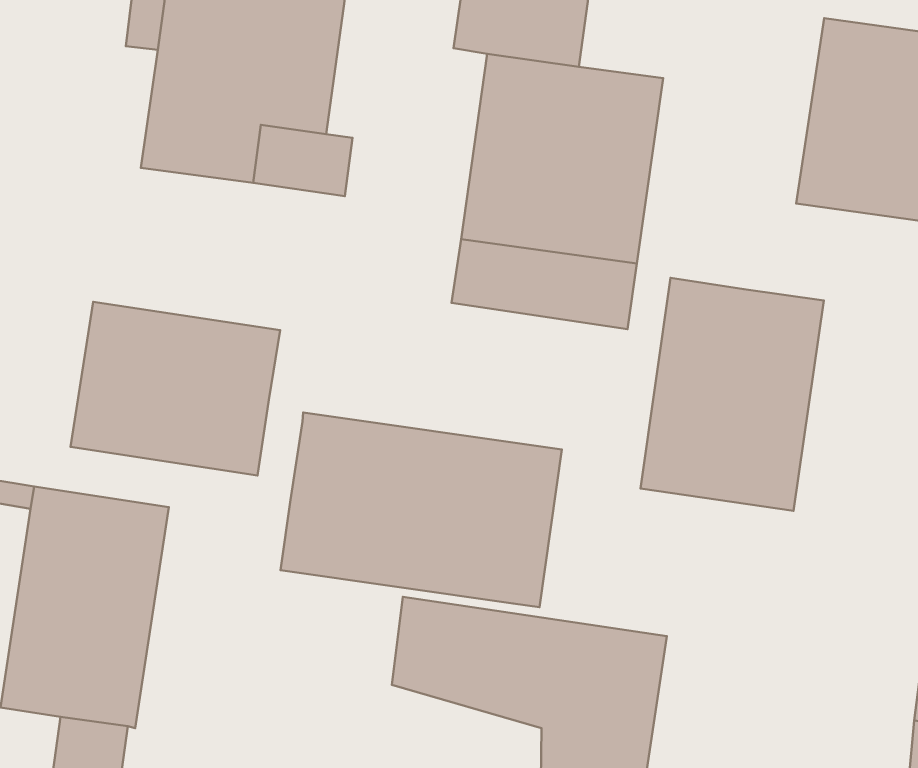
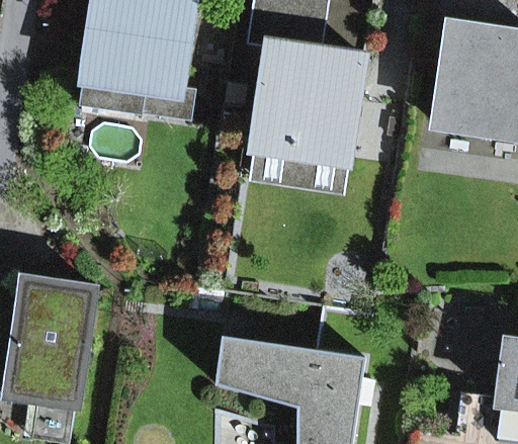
building: [640,278,824,511] -> none
building: [70,302,280,476] -> none
building: [281,413,562,607] -> none

